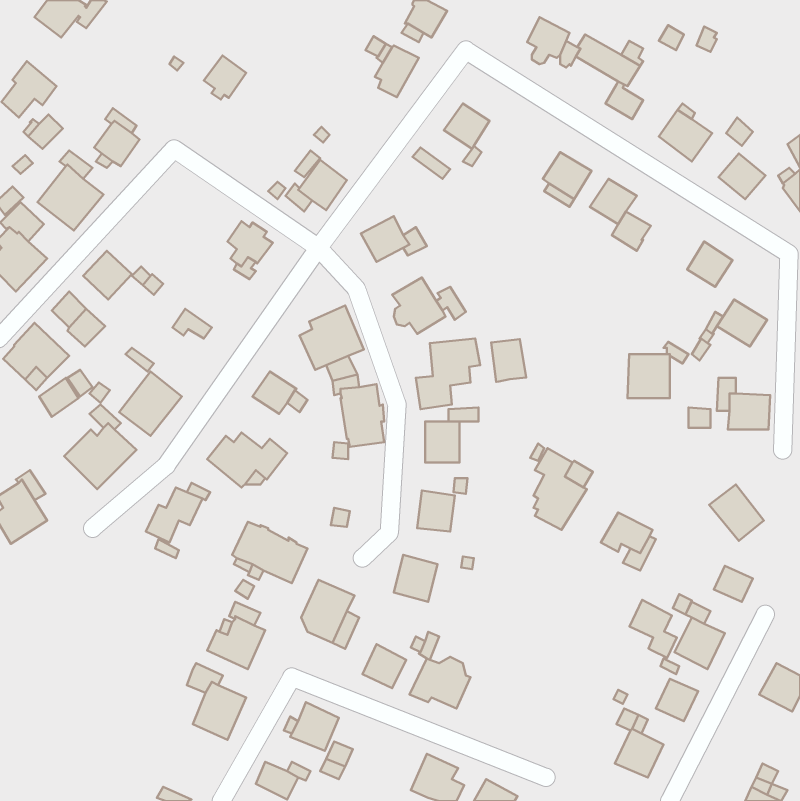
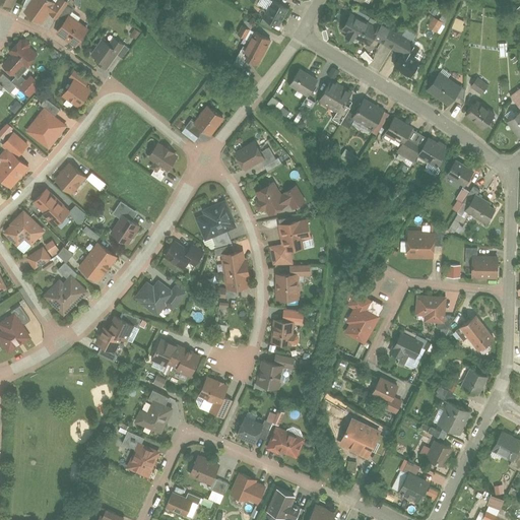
building: none -> [55,13,89,48]
building: [204,56,246,99] -> [89,39,117,67]
building: none -> [318,78,352,112]
building: none -> [415,136,447,167]
building: none -> [109,213,140,245]
building: [491,339,526,382] -> none
building: none -> [414,294,447,324]
building: [630,600,677,658] -> [371,377,401,414]
building: none -> [337,416,382,460]
building: none -> [229,472,266,506]

